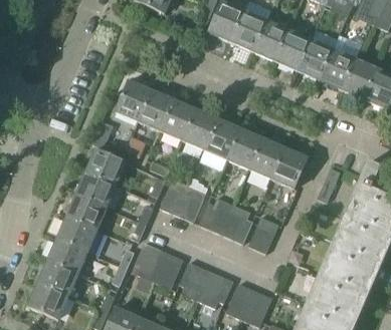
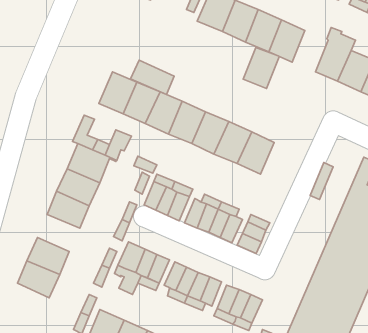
building: [300,41,334,80] -> [243,47,279,89]
building: none -> [130,60,174,95]
building: [269,147,307,188] -> none
building: [57,216,97,251] -> none
building: [28,281,68,318] -> none

